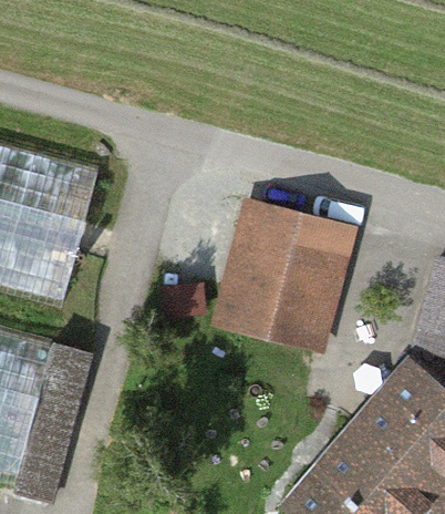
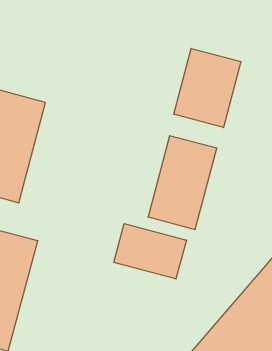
building: none -> [174,48,241,128]
building: none -> [114,224,186,279]

